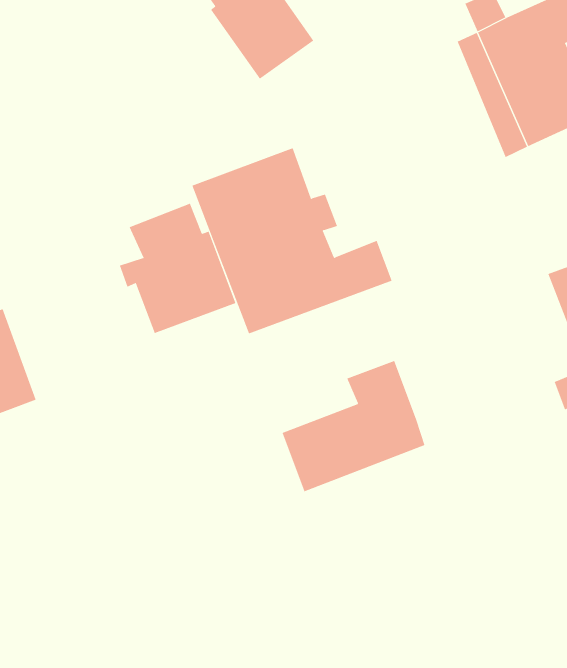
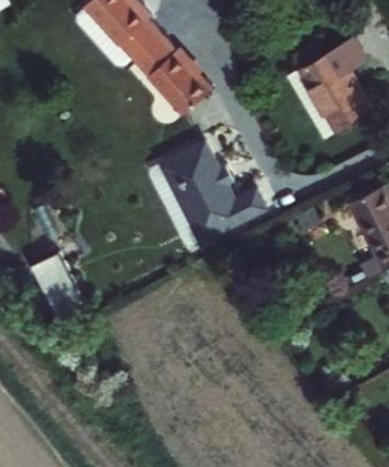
building: [119,203,236,334] -> none
building: [282,360,425,492] -> none

